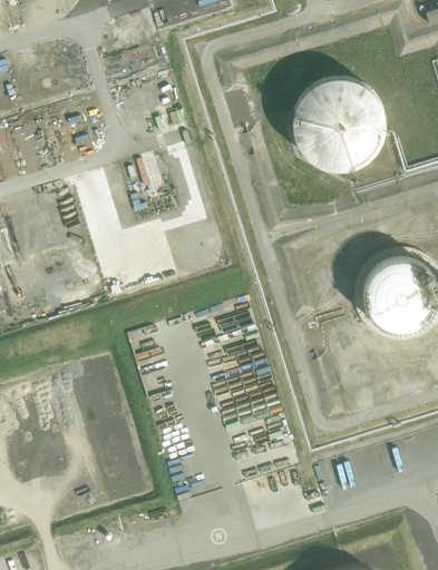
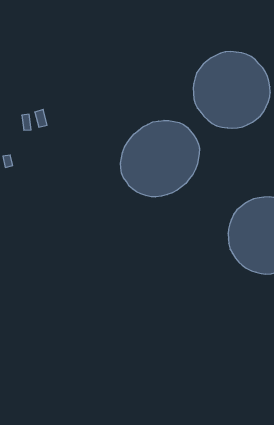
building: none -> [121,120,199,197]

